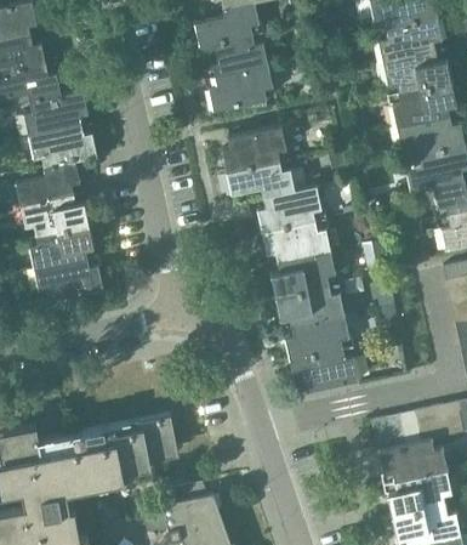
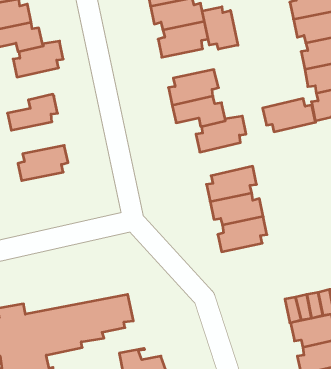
building: none -> [202,7,238,49]
building: [28,125,97,166] -> none
building: [21,194,89,235] -> none
building: [262,221,330,263] -> [263,99,316,132]
building: [34,259,102,301] -> none
building: [290,350,358,392] -> none

